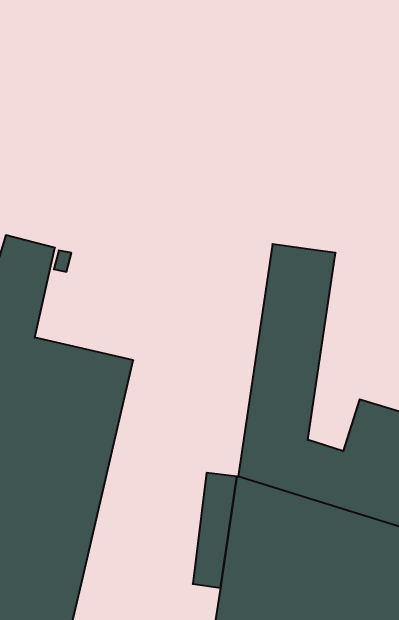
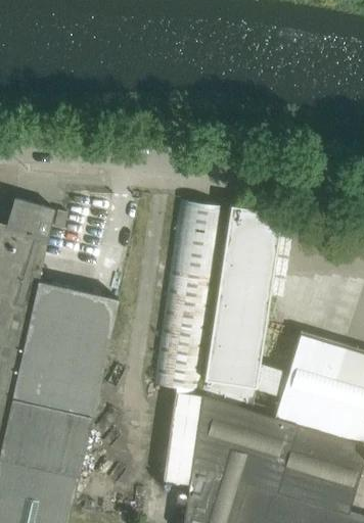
building: none -> [153,201,225,391]

